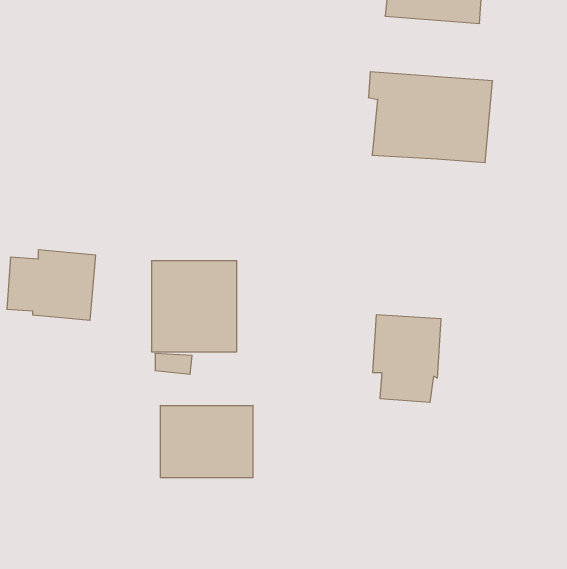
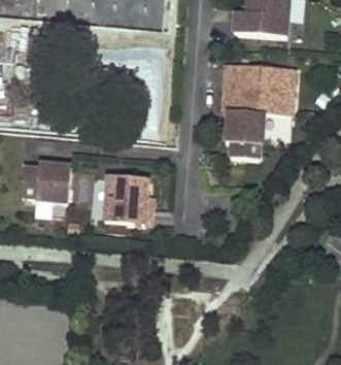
building: [373,315,441,402] -> [223,110,261,159]
building: [160,405,253,478] -> none

